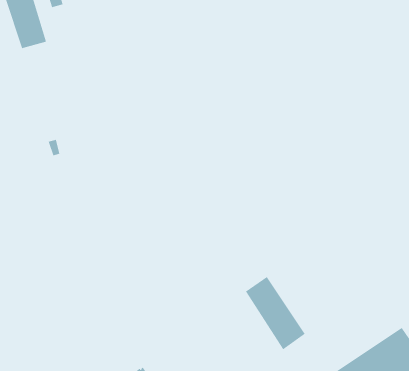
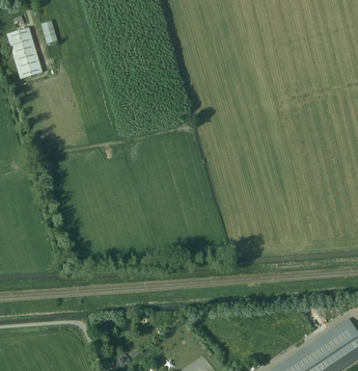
building: [245,276,306,350] -> none

